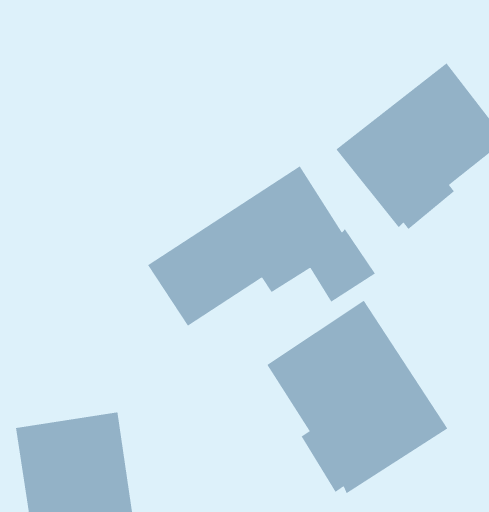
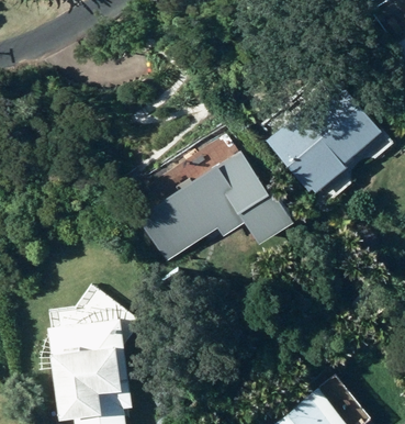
building: [267,300,448,494] -> none

